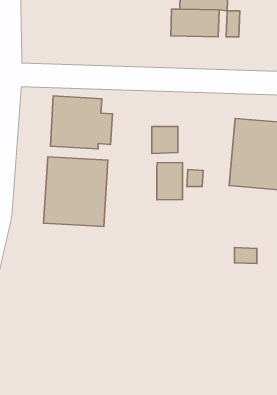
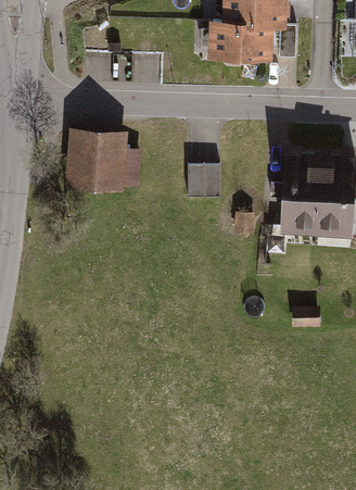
building: [44,157,108,226] -> none
building: [157,163,183,200] -> none

